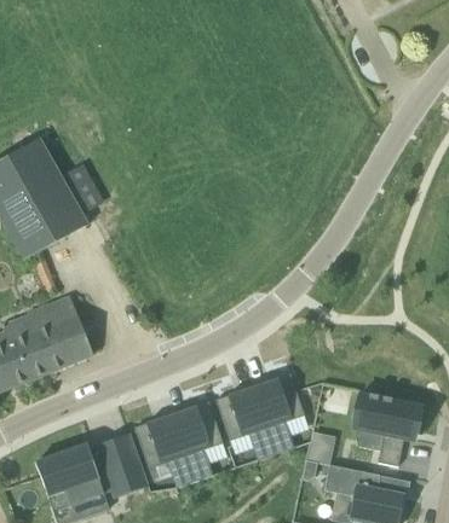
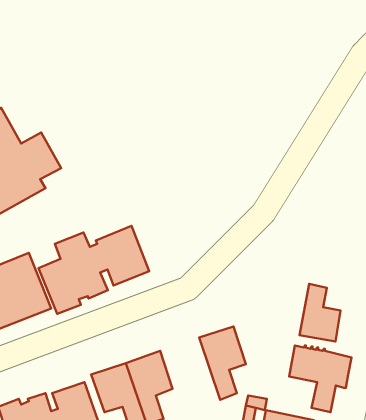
building: none -> [38,226,149,314]
building: none -> [300,284,341,341]
building: [217,385,277,459] -> none

